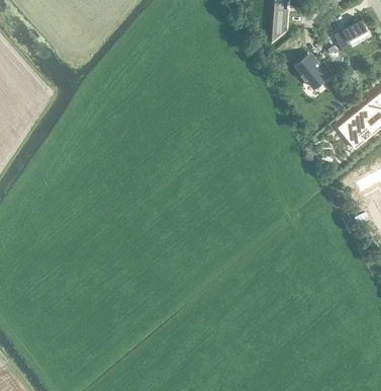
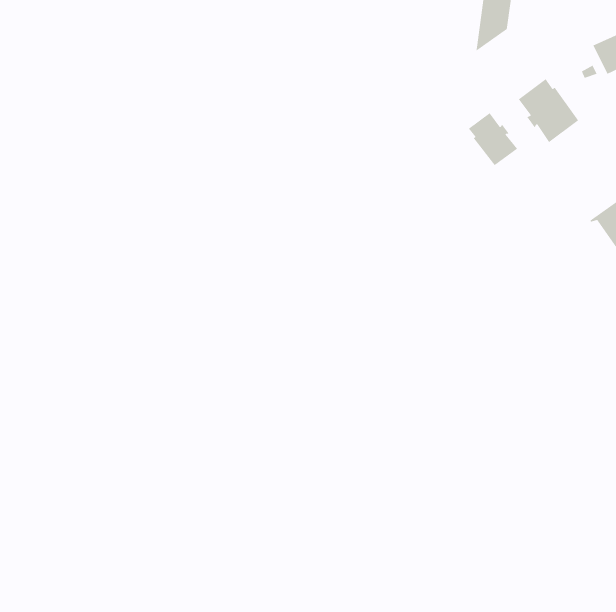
building: none -> [468,112,518,166]

